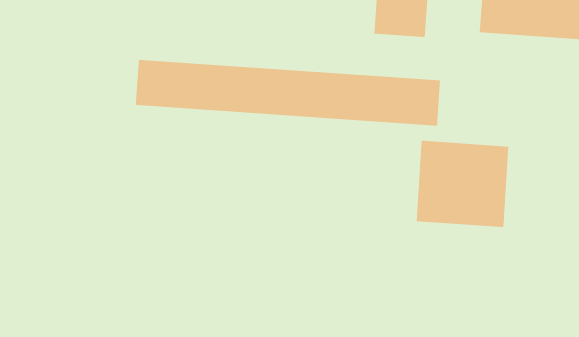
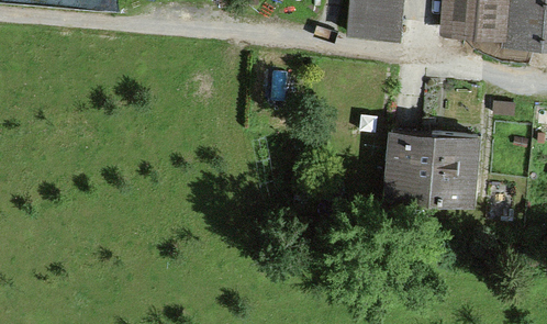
building: [135,59,441,126] -> none

